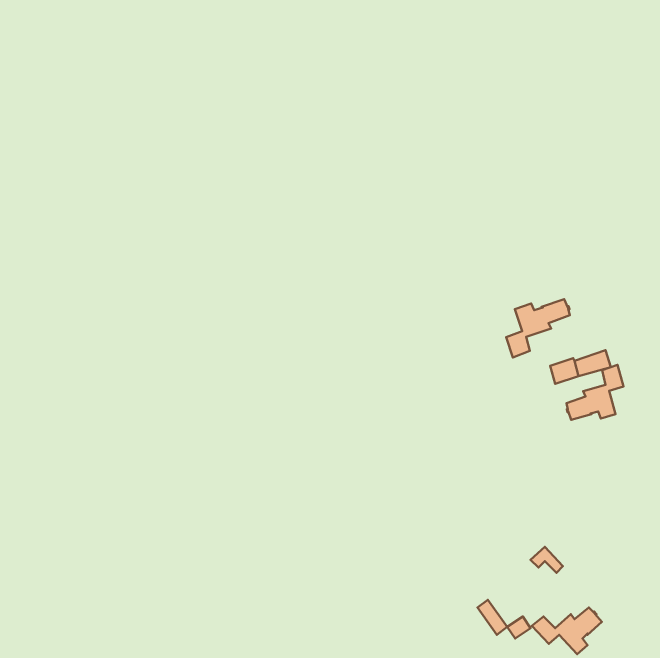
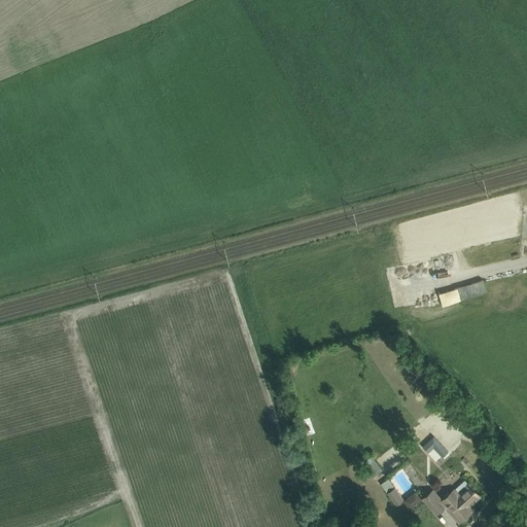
building: [506,299,570,358] -> none
building: [566,365,623,420] -> none

